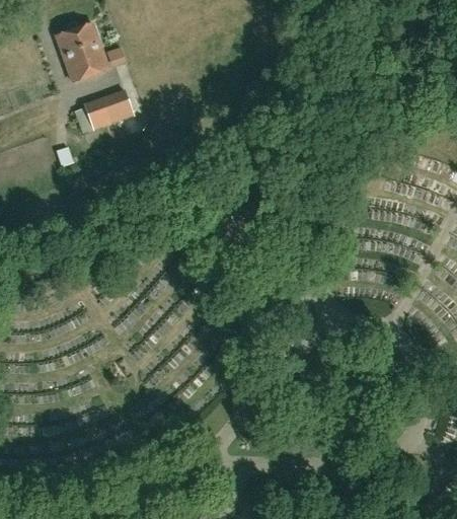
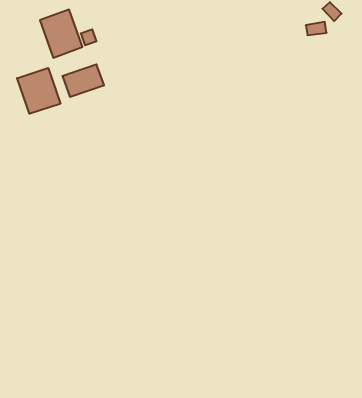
building: none -> [17,68,60,114]

